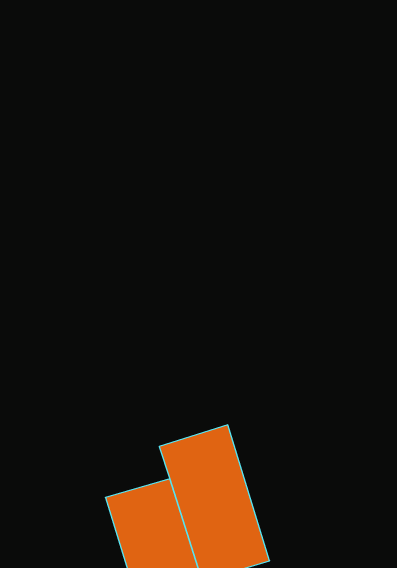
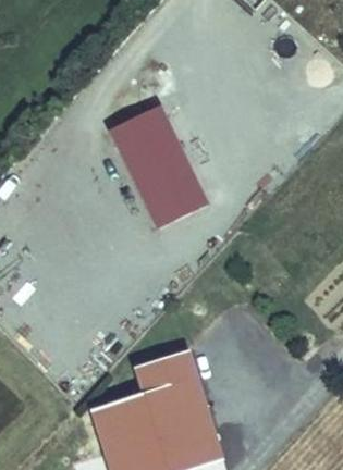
building: none -> [107,101,207,227]

